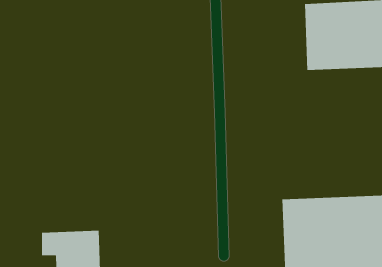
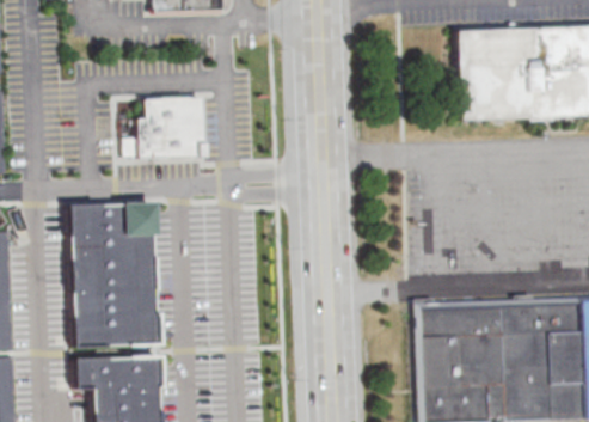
building: none -> [122,97,204,158]
building: none -> [72,201,161,345]

